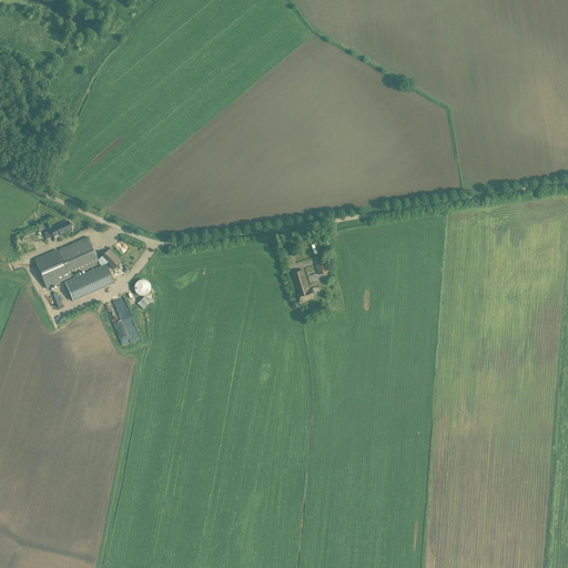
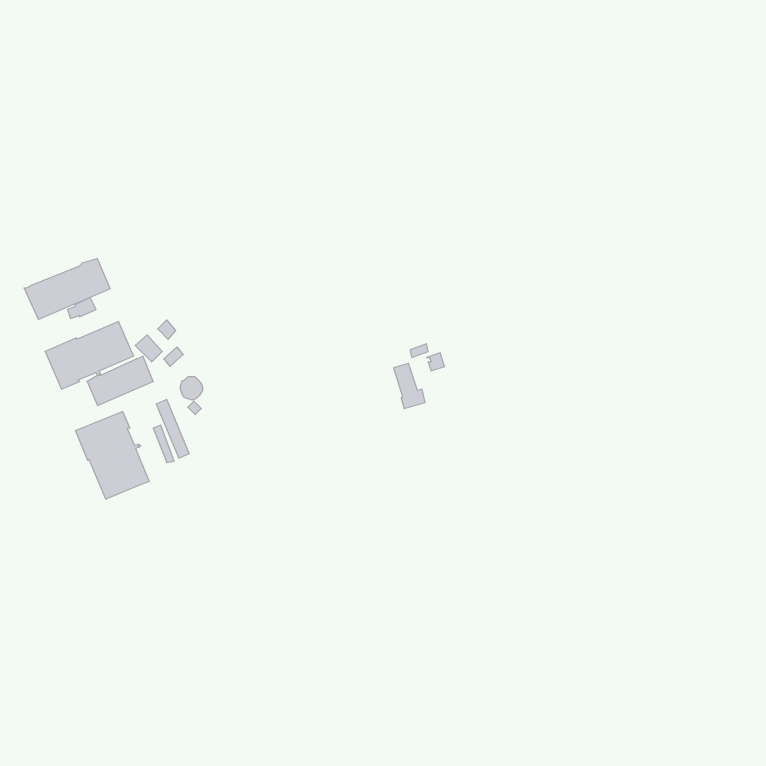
building: none -> [24,258,110,320]
building: none -> [75,411,149,499]

